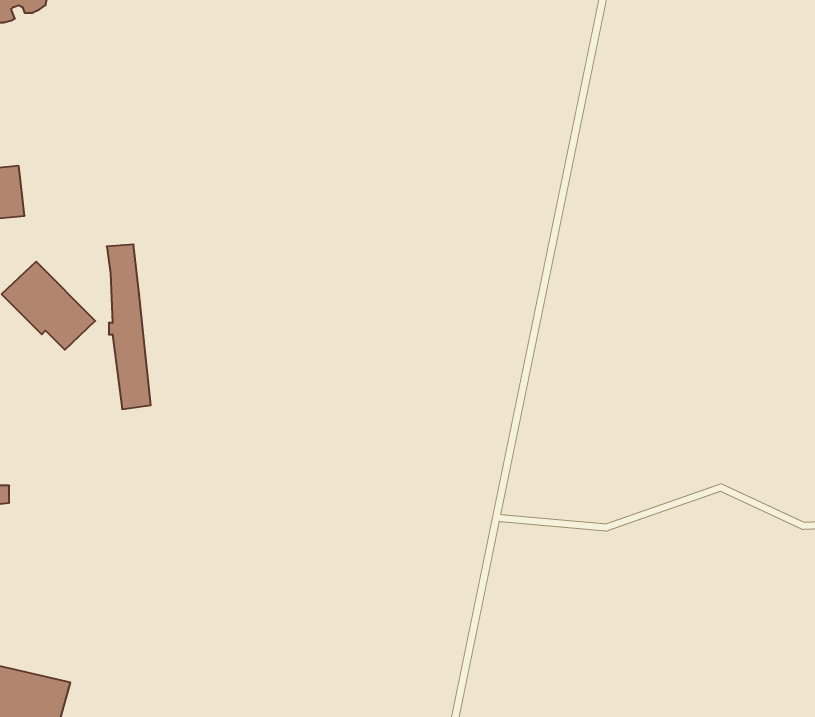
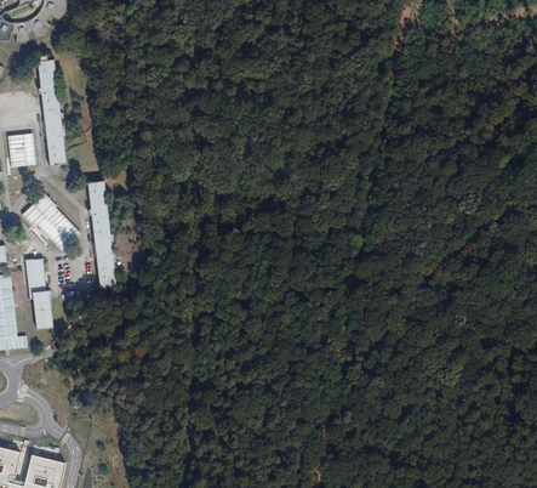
building: none -> [38,58,68,163]
building: none -> [27,260,53,327]

